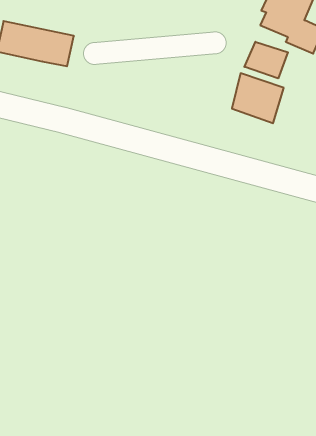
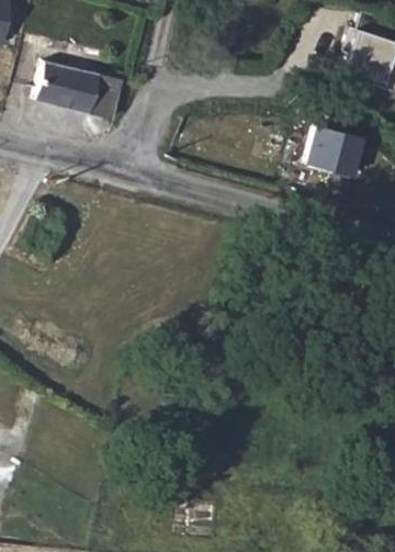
building: [244,42,288,78] -> none

